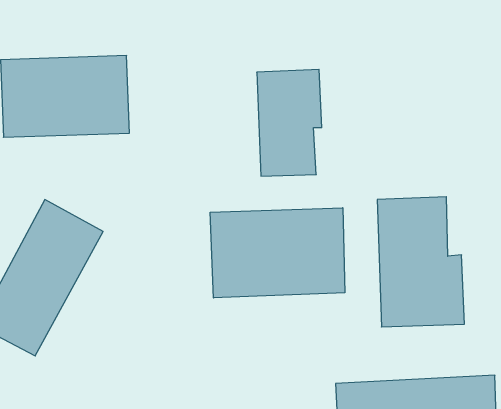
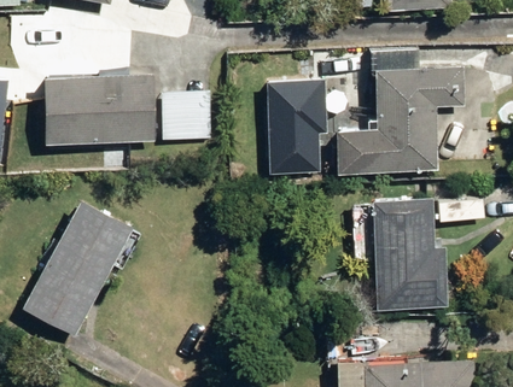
building: none -> [326,46,465,172]
building: none -> [158,90,210,141]
building: [210,208,345,298] -> none

